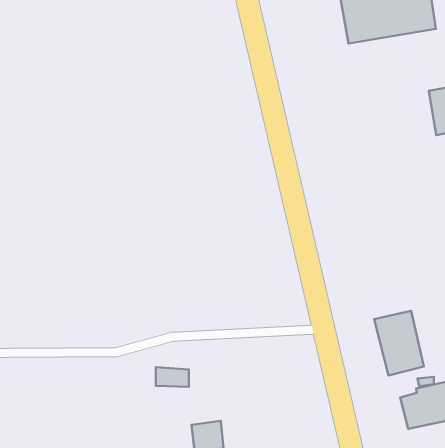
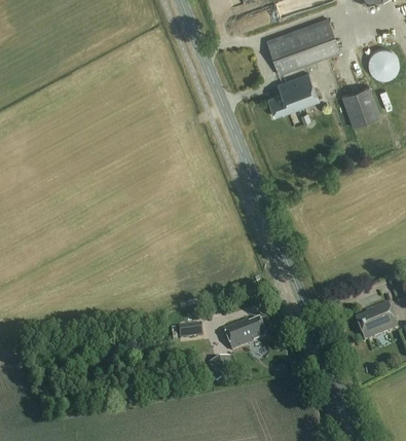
building: none -> [267,72,318,117]
building: [374,311,424,376] -> none
building: none -> [225,319,266,350]

